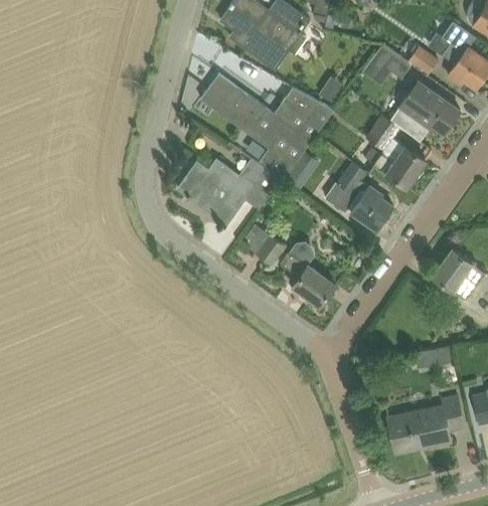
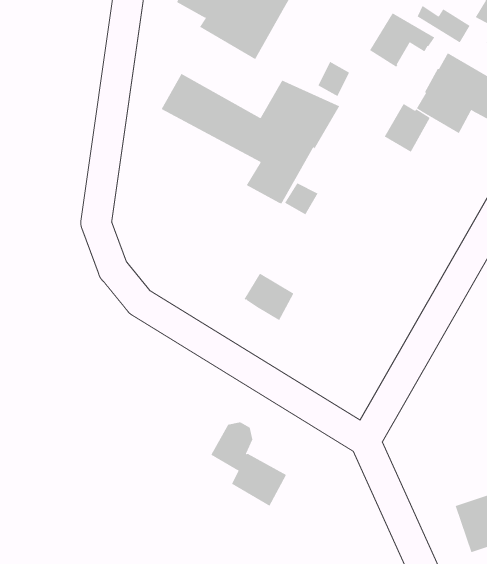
building: [363,147,427,188] -> none
building: [178,158,281,224] -> none
building: [326,162,393,229] -> none
building: [280,241,335,307] -> [210,422,287,507]

